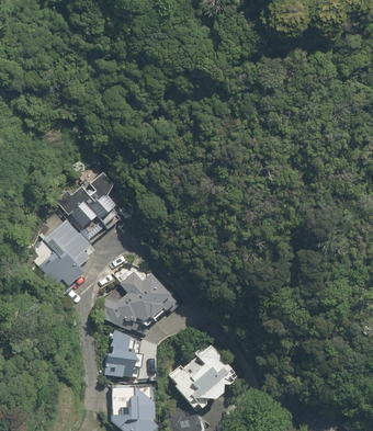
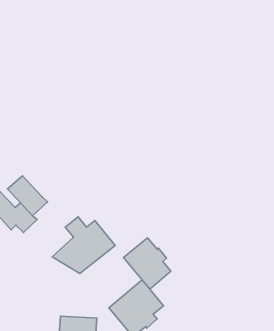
building: [54,170,123,245] -> none
building: none -> [123,238,171,289]
building: [103,334,140,378] -> none

